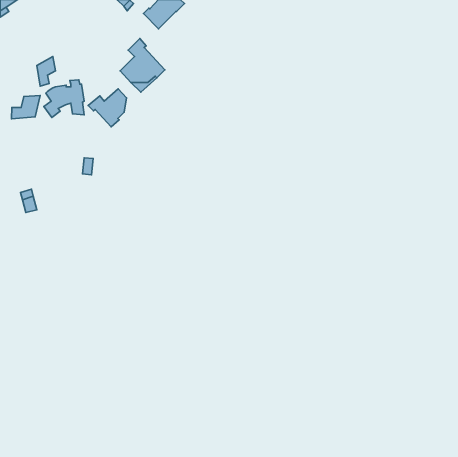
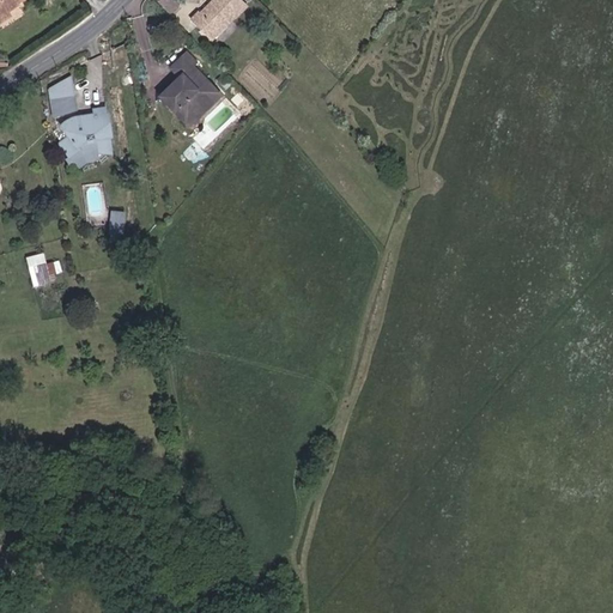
building: [88,89,127,127] -> none
building: [12,95,40,119] -> none

